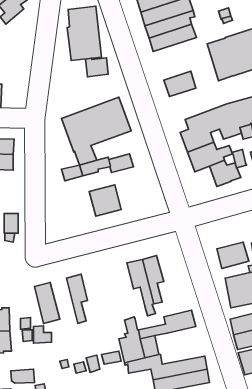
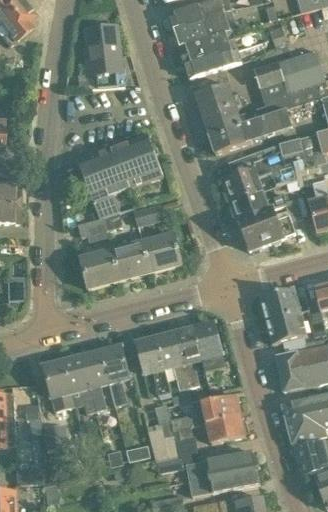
building: none -> [196,82,235,113]
building: [86,58,108,77] -> none
building: none -> [209,108,291,153]
building: none -> [240,218,267,250]
building: none -> [142,232,181,271]
building: none -> [80,249,119,287]
building: none -> [261,287,299,319]
building: none -> [193,321,226,382]
building: none -> [137,336,172,398]
building: none -> [101,345,130,405]
building: none -> [63,355,97,413]
building: none -> [206,414,246,442]

